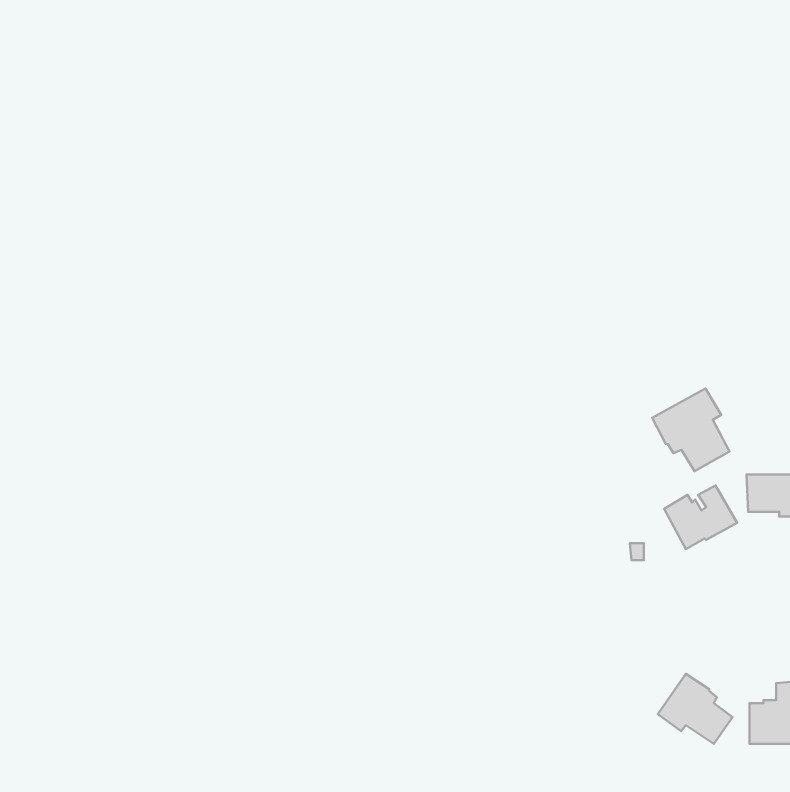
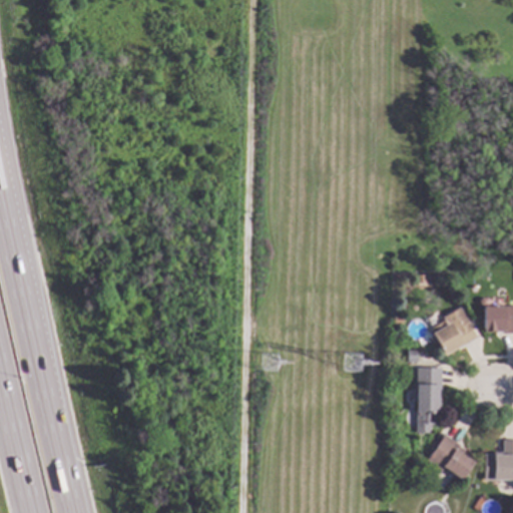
building: [652,388,730,471] -> none
building: none -> [417,367,442,432]

